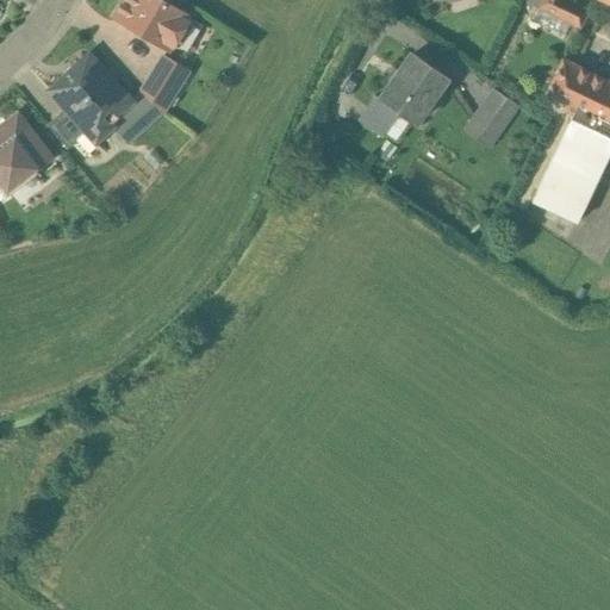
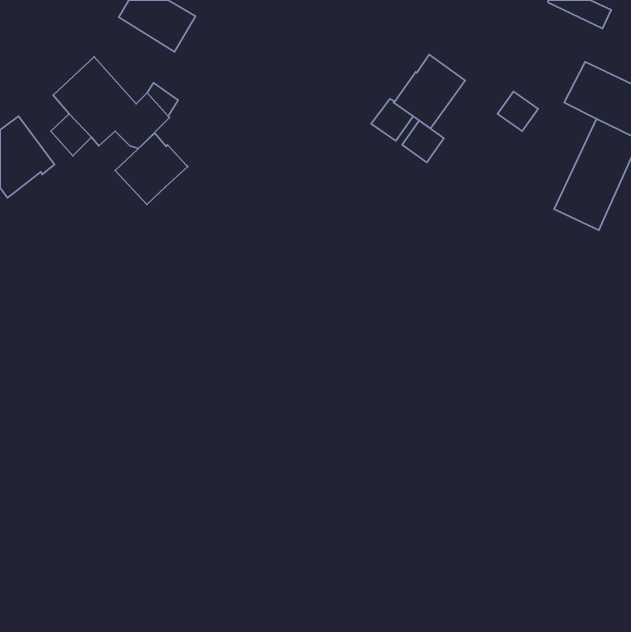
building: [149,56,189,97] -> none
building: [465,110,504,147] -> none
building: none -> [402,120,444,163]
building: none -> [115,133,188,204]

